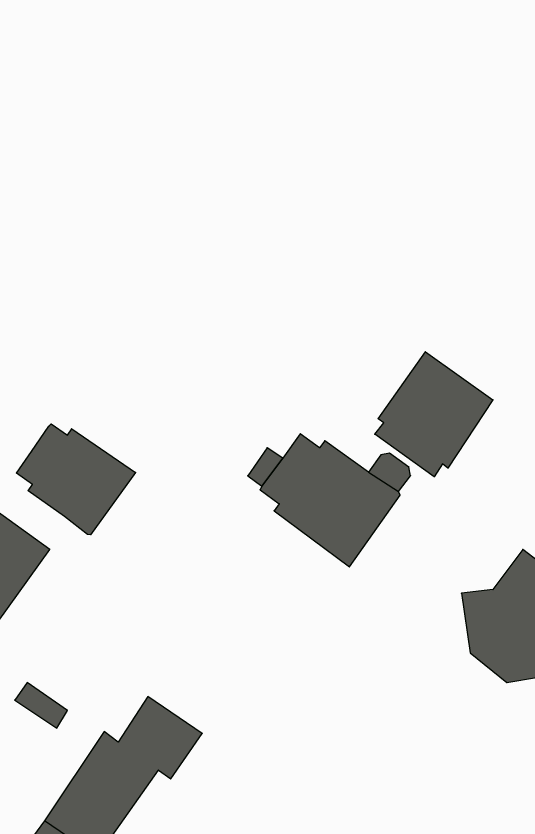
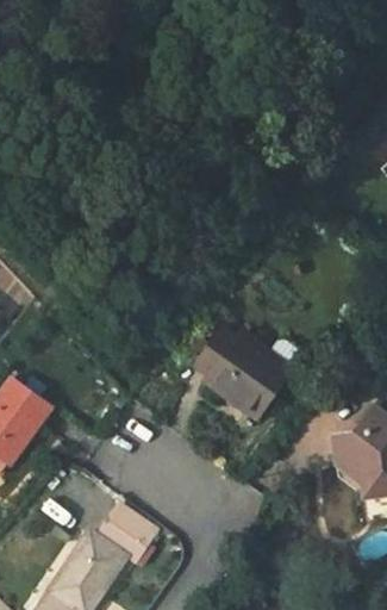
building: [375,352,493,477] -> none
building: [16,424,136,535] -> none

